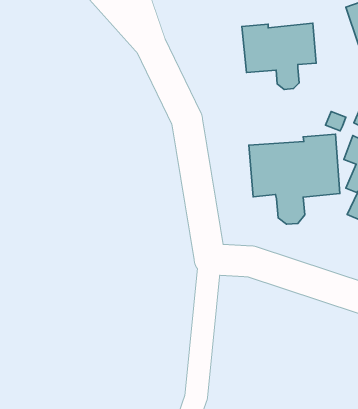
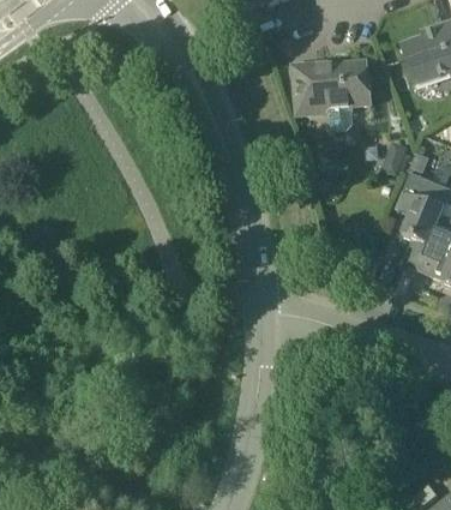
building: [249,134,340,224] -> none

